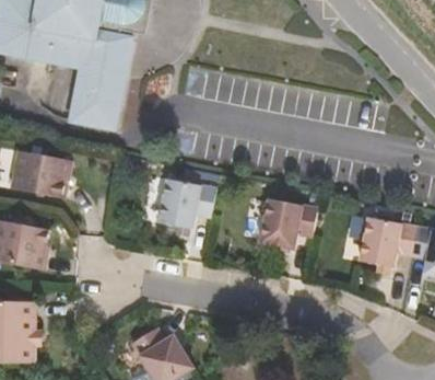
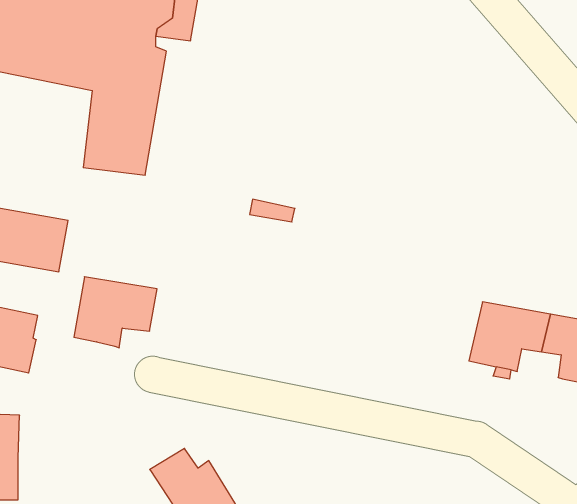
building: [153,184,213,235] -> [74,277,157,348]
building: [254,205,313,254] -> none

